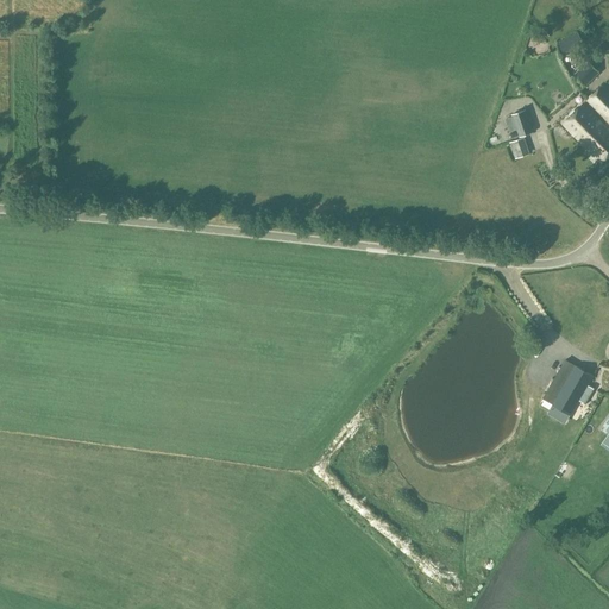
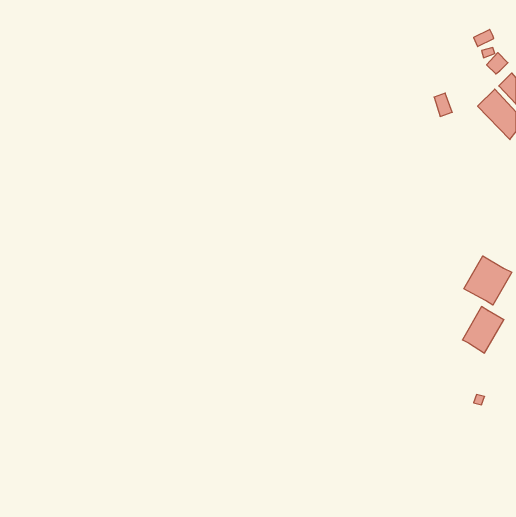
building: none -> [464,256,512,305]

